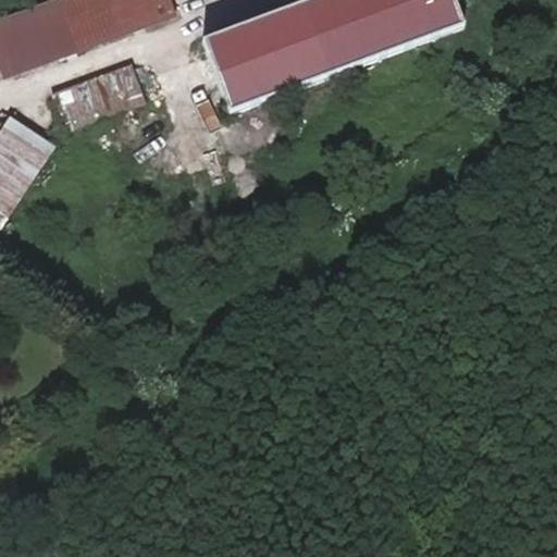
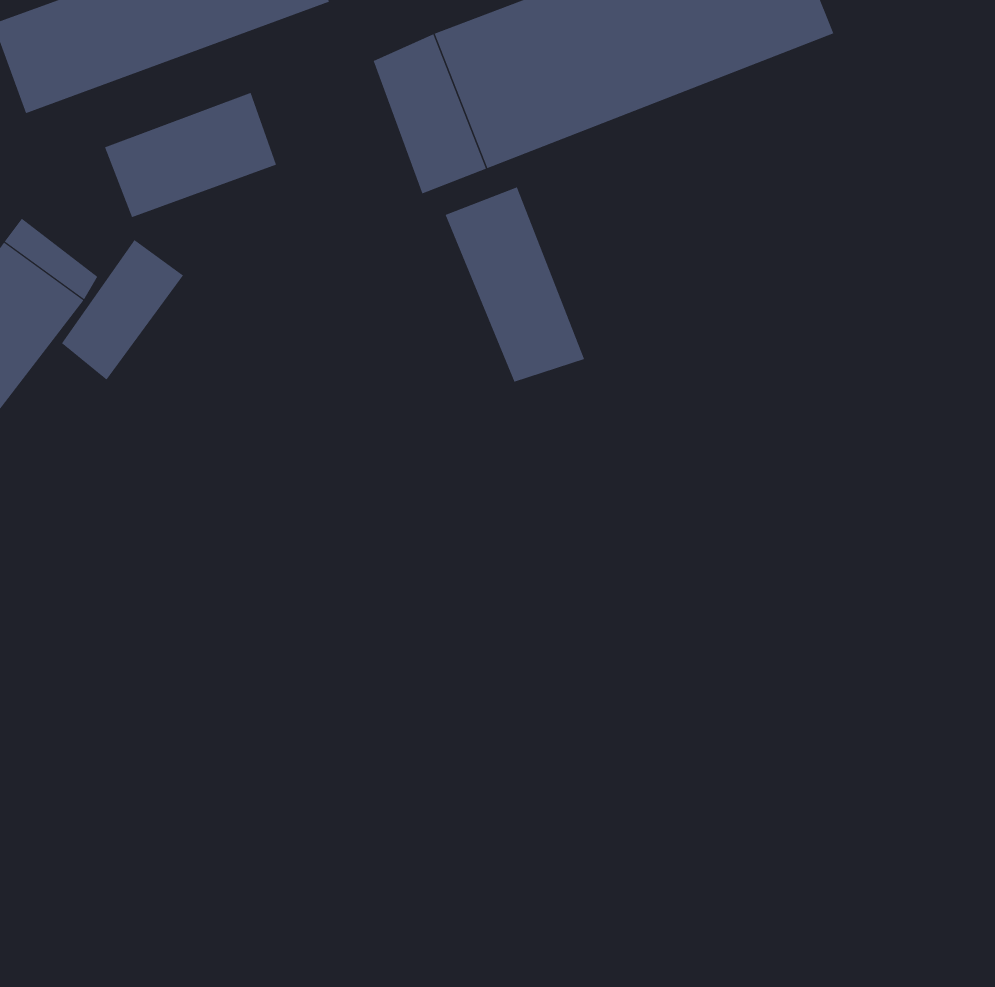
building: none -> [445,186,585,382]
building: none -> [61,239,184,381]

